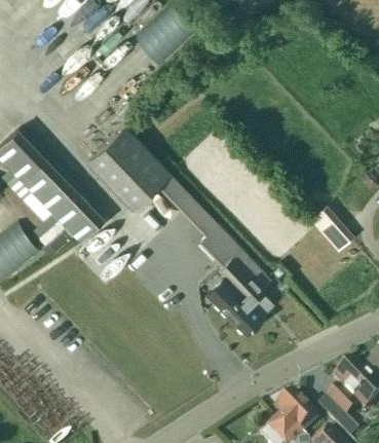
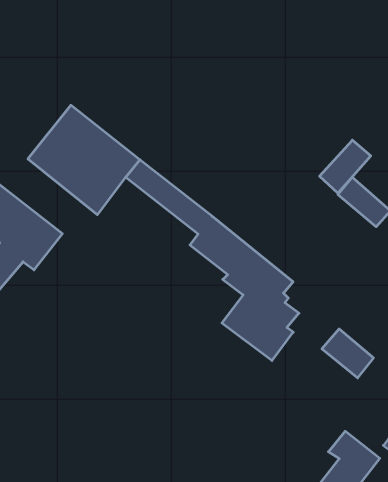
building: none -> [320,140,371,193]
building: none -> [322,329,373,378]

